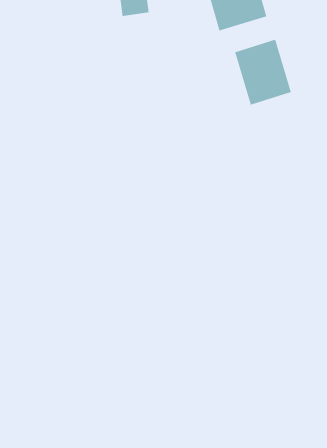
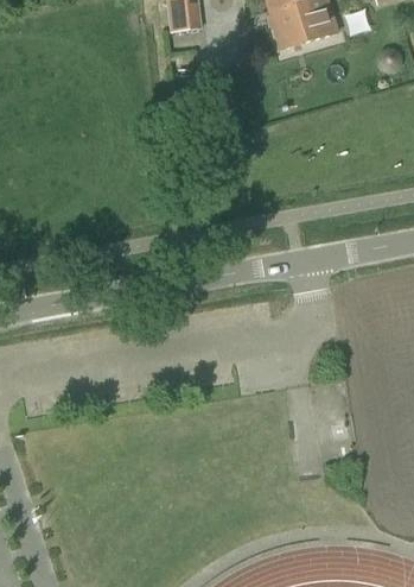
building: [234,39,292,105] -> none

